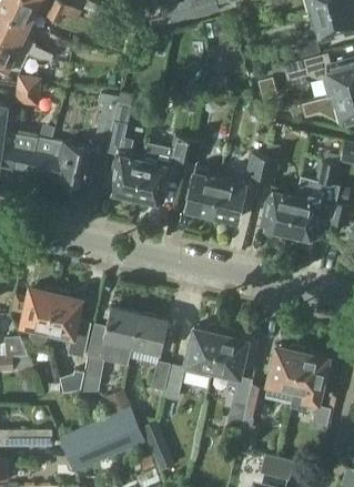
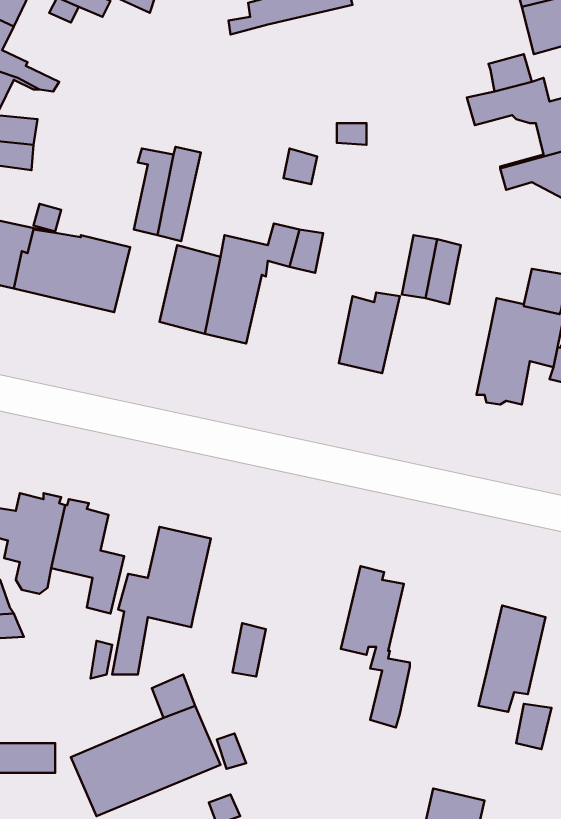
building: [185,168,219,215] -> none
building: [263,185,296,234] -> none
building: [129,314,168,362] -> none
building: [165,326,223,398] -> none
building: [245,346,303,417] -> none

